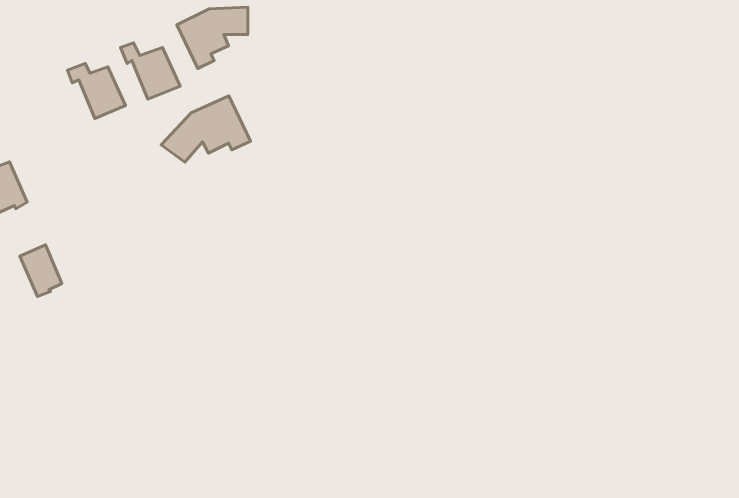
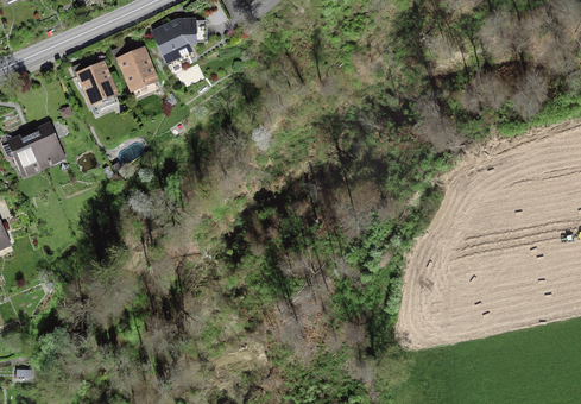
building: [161,96,251,162] -> none
building: [20,245,62,296] -> [30,126,61,164]

